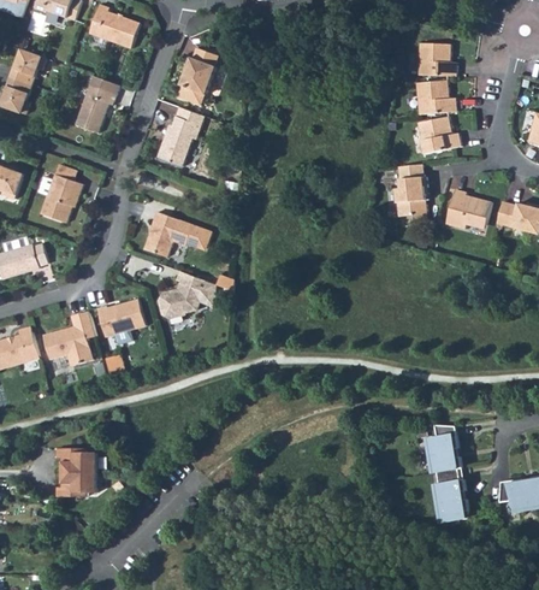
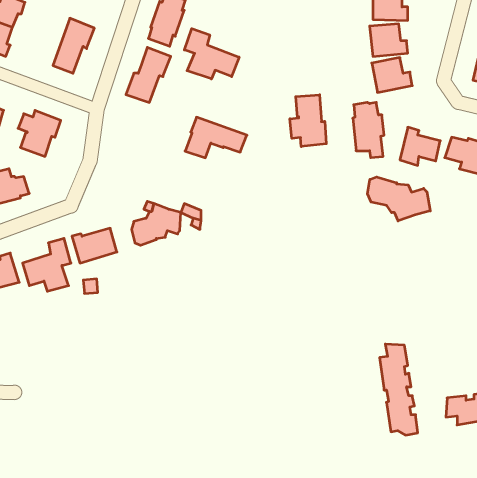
building: none -> [184,29,239,79]
building: none -> [290,95,326,147]
building: [141,211,207,254] -> [185,117,247,158]
building: none -> [367,177,430,221]
building: [55,452,97,501] -> none

